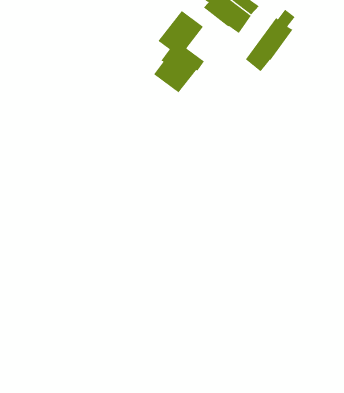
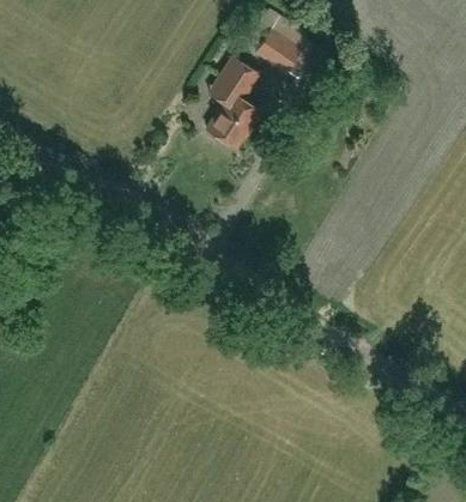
building: [245,9,295,72] -> none

